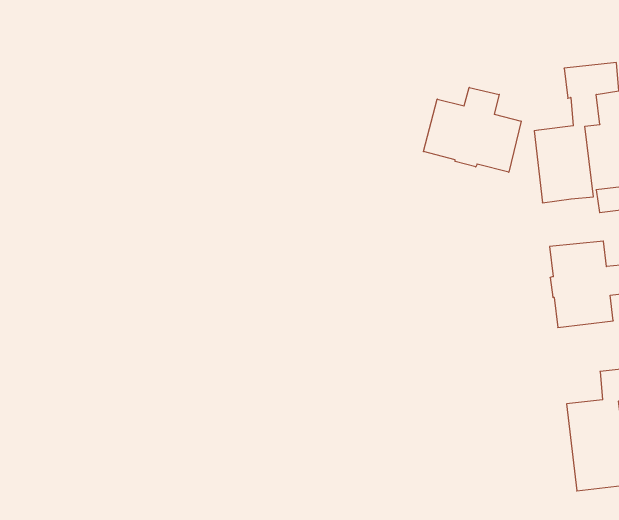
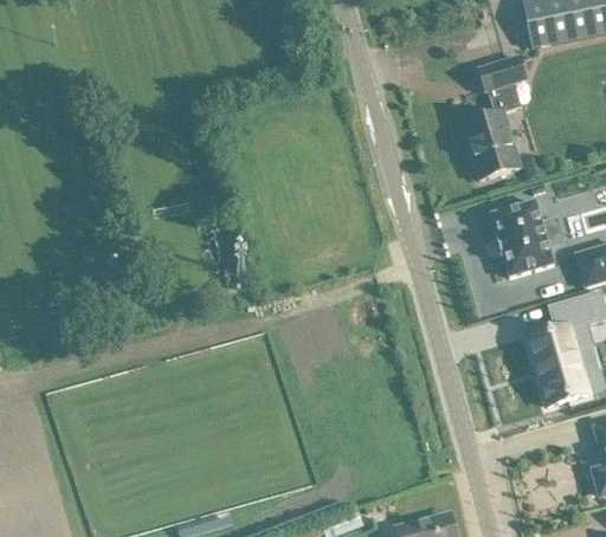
building: [423,87,521,172] -> none

